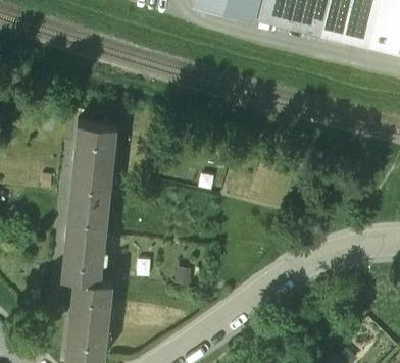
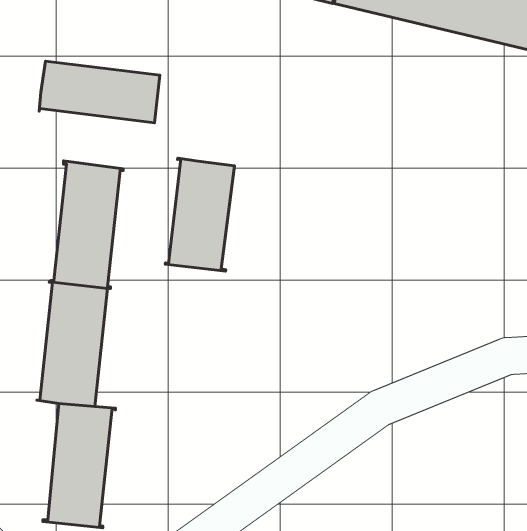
building: none -> [39,61,160,123]
building: none -> [165,158,235,271]

